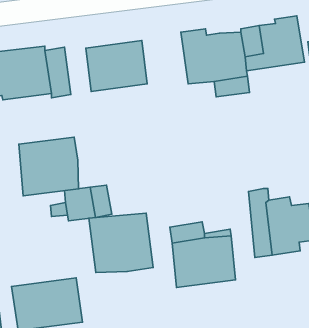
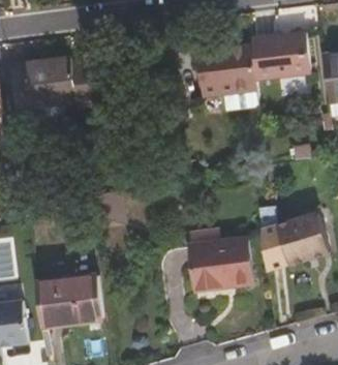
building: [86,40,147,92] -> none
building: [19,137,79,196] -> none
building: [89,213,153,273] -> none

